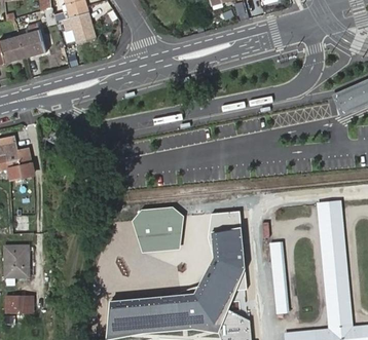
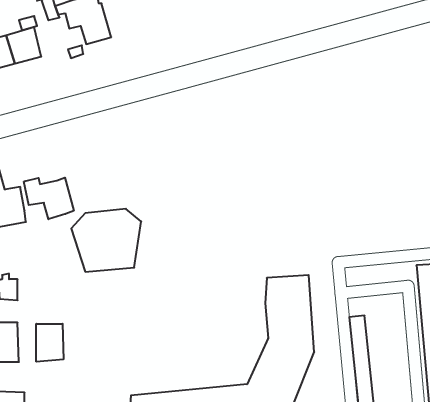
building: none -> [24,178,74,219]
building: [132,206,183,253] -> [71,209,141,272]
building: none -> [36,324,63,362]

